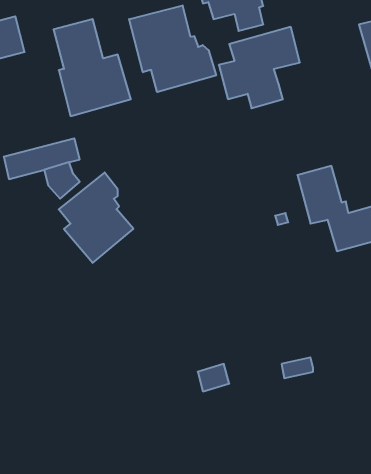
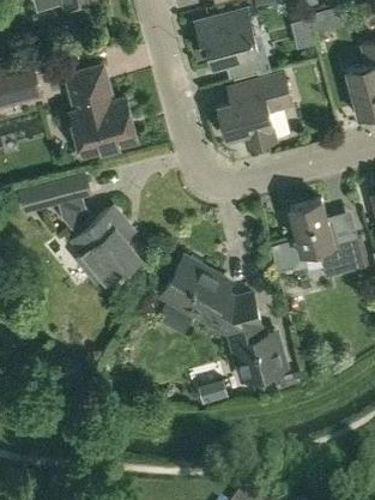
building: [129,5,216,92] -> none
building: none -> [161,257,284,379]

